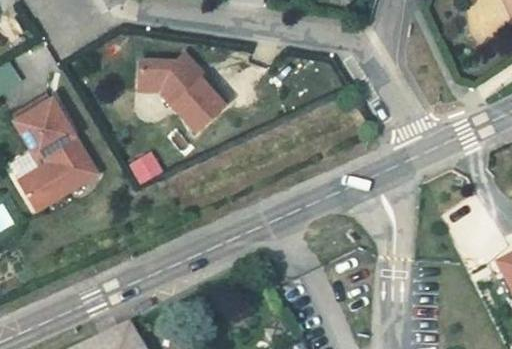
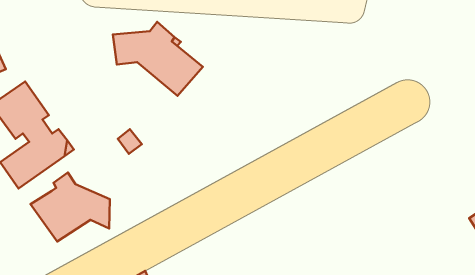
building: none -> [31,173,110,241]

